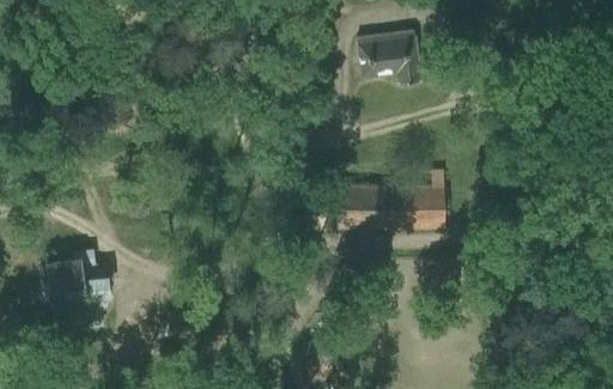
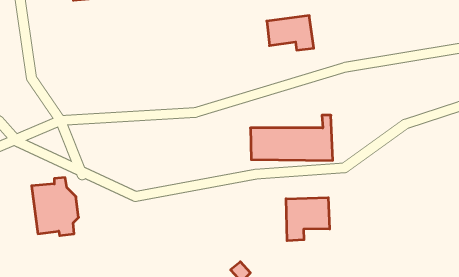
building: none -> [286,198,330,241]

